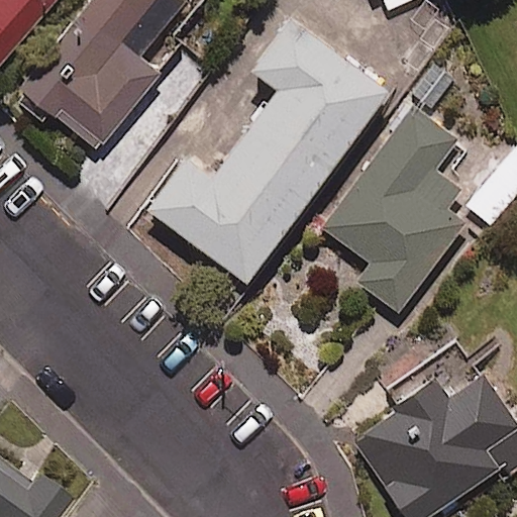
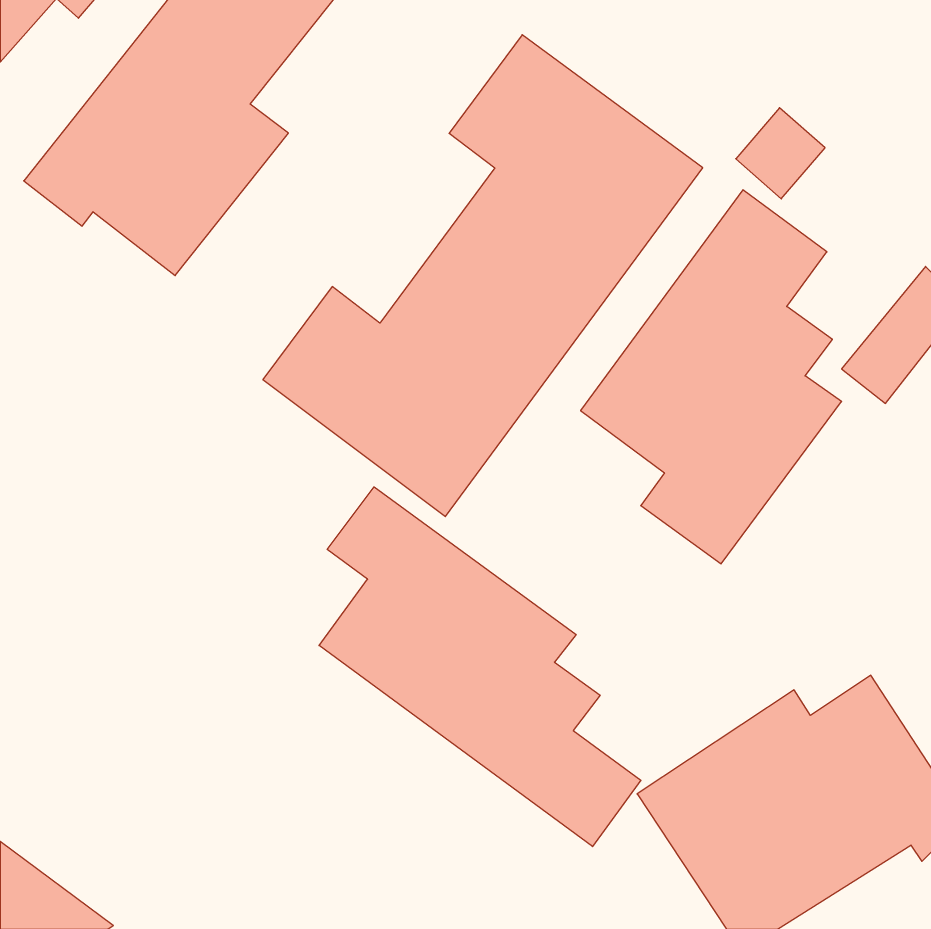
building: none -> [319,487,641,847]

